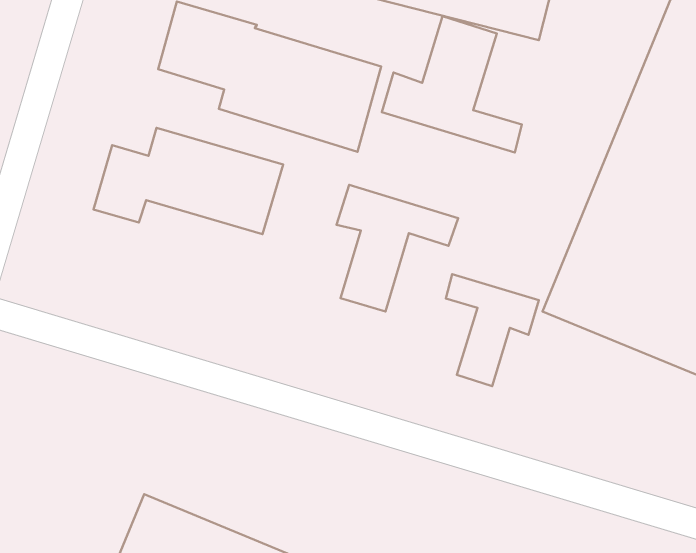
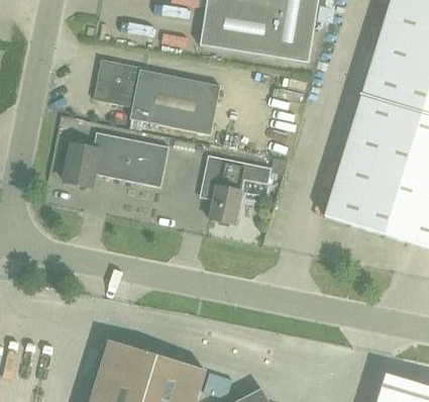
building: [382,16,522,153] -> none
building: [446,274,539,386] -> none

